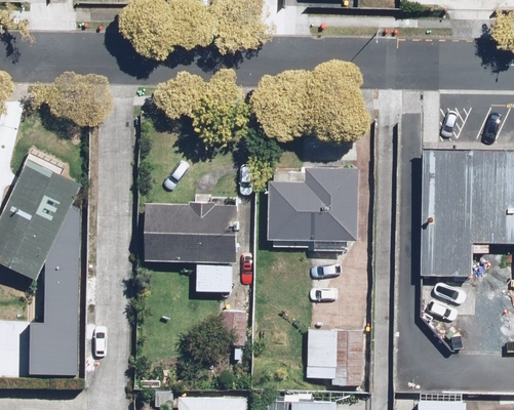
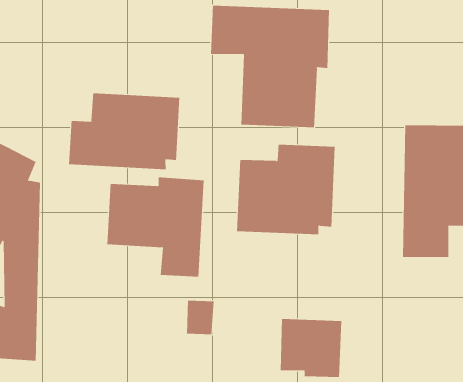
building: none -> [211,5,329,128]
building: none -> [68,93,180,170]

